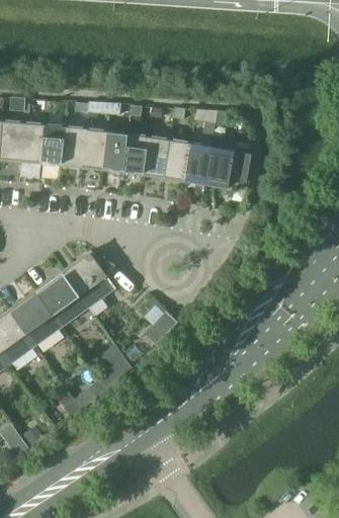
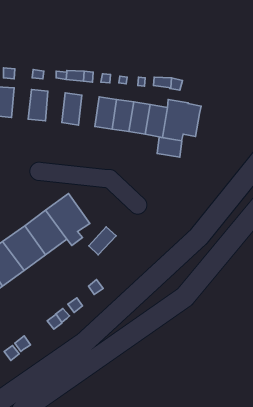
building: [19,123,44,162] -> none
building: [61,127,85,166] -> none
building: [101,133,126,171] -> none
building: none -> [157,137,182,157]
building: [144,312,177,346] -> [89,227,116,255]

